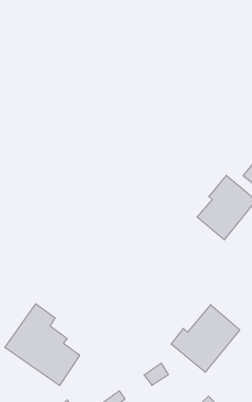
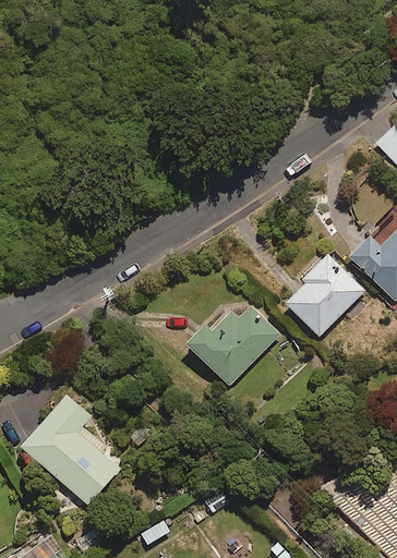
building: [171,305,240,372] -> [188,300,278,386]

